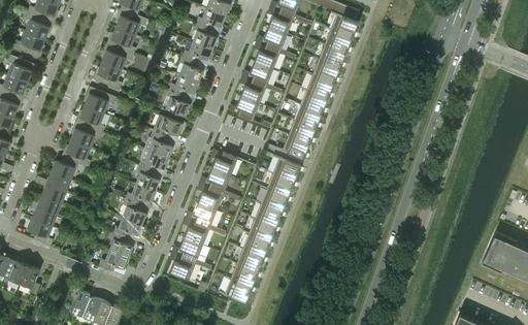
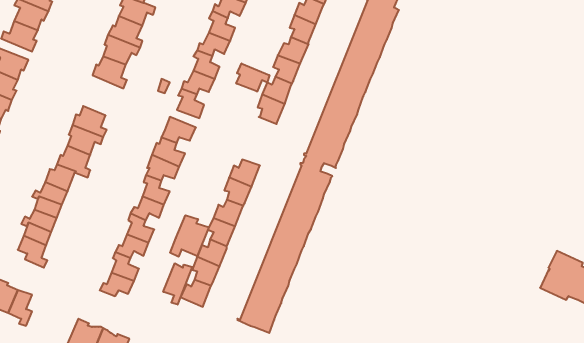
building: none -> [236,63,269,92]
building: [85,87,117,113] -> none
building: none -> [170,215,209,257]
building: none -> [163,263,192,305]

